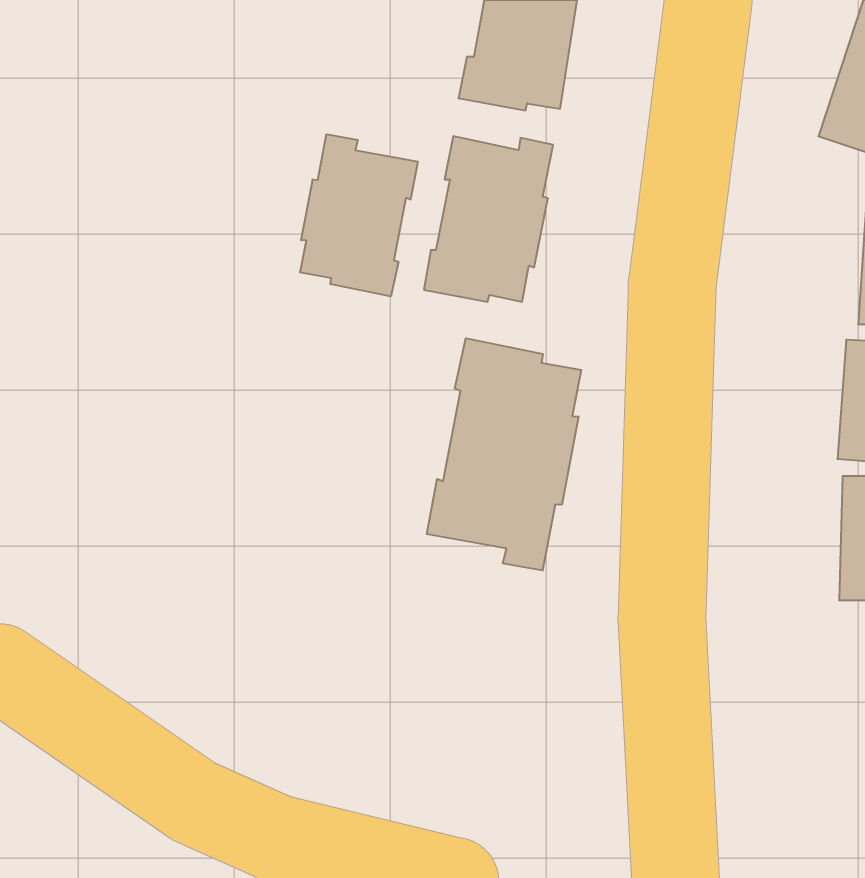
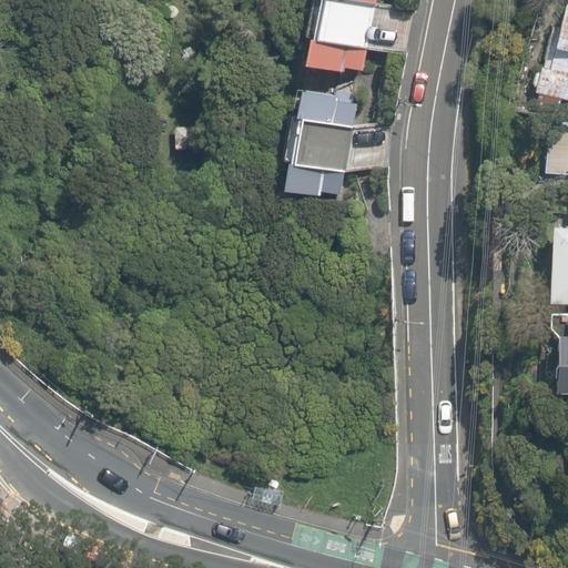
building: [300,134,418,296] -> none
building: [427,338,581,571] -> none

